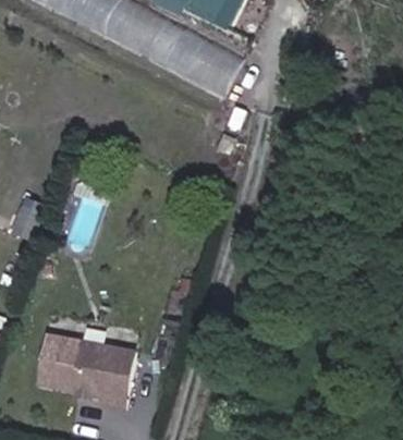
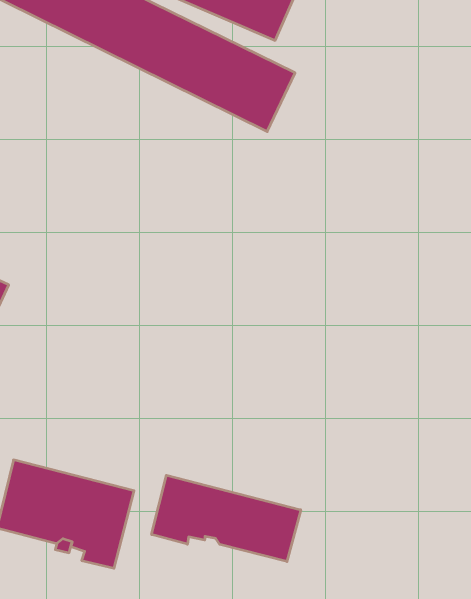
building: none -> [152,475,301,562]

